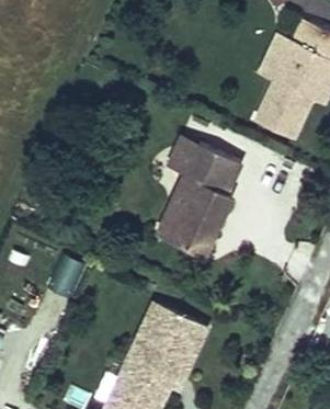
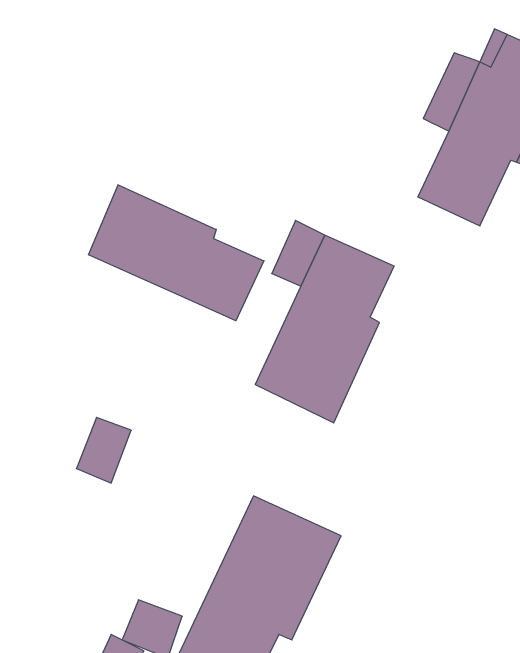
building: none -> [89,185,264,321]

